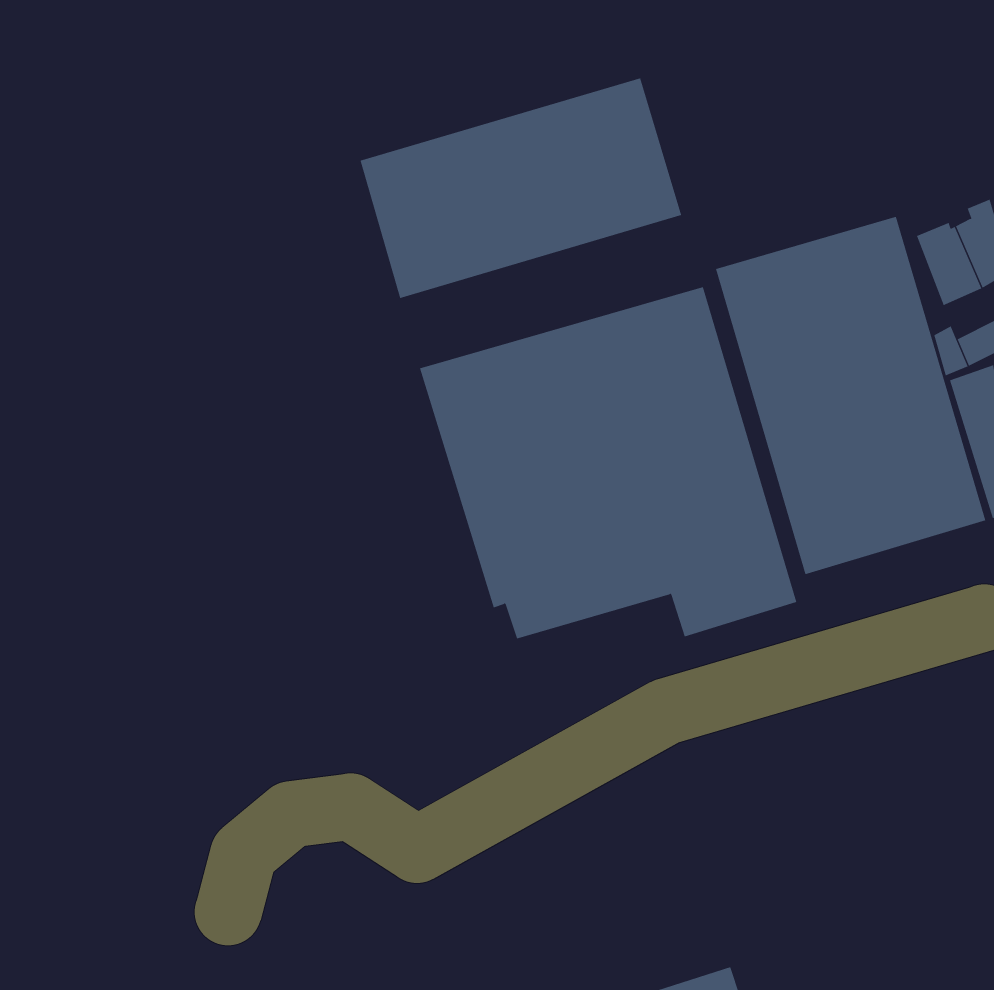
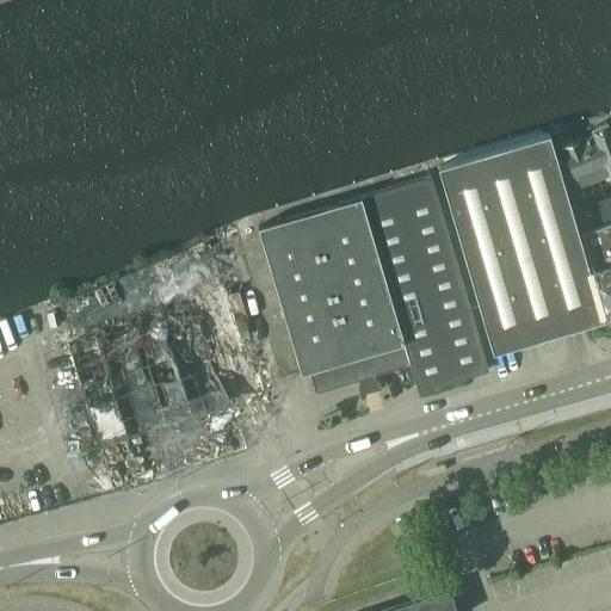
building: [360,77,682,299] -> none

